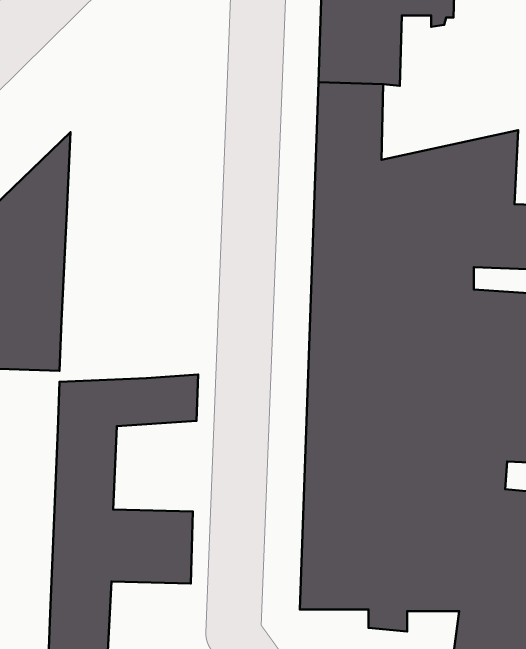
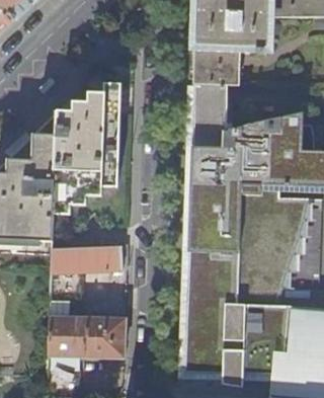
building: none -> [54,82,121,214]

